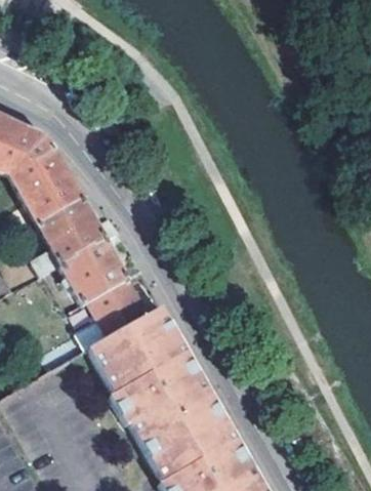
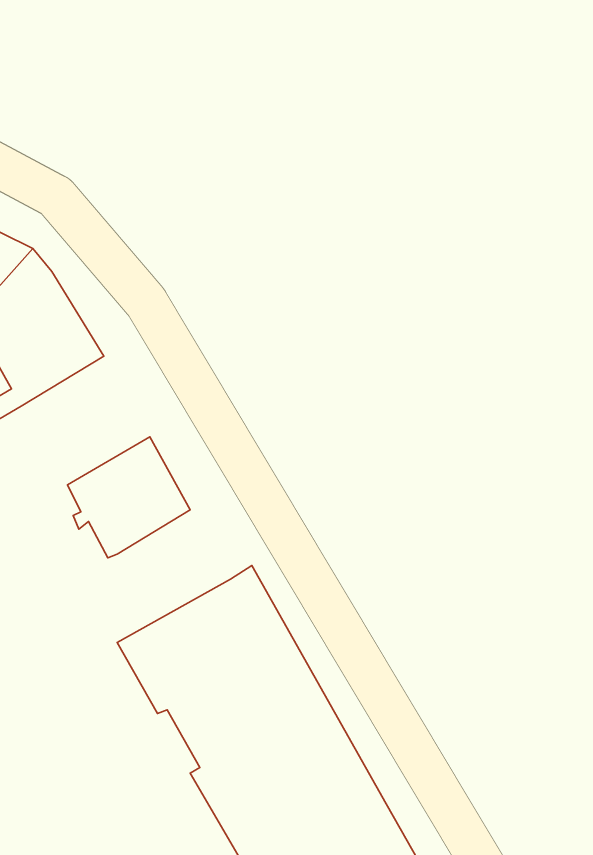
building: [34,195,107,276] -> none
building: [79,277,150,347] -> none

